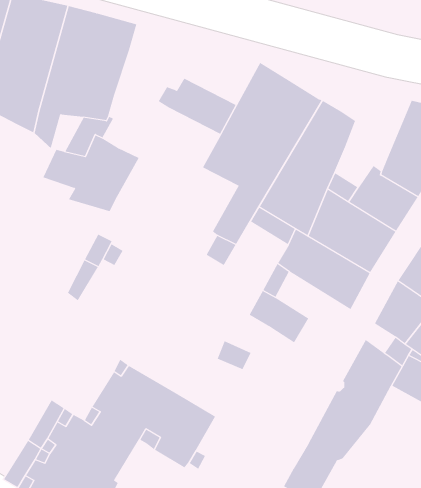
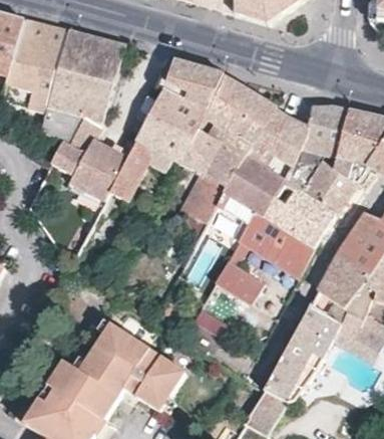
building: none -> [162,57,225,109]
building: none -> [295,102,348,154]
building: none -> [107,112,193,198]

